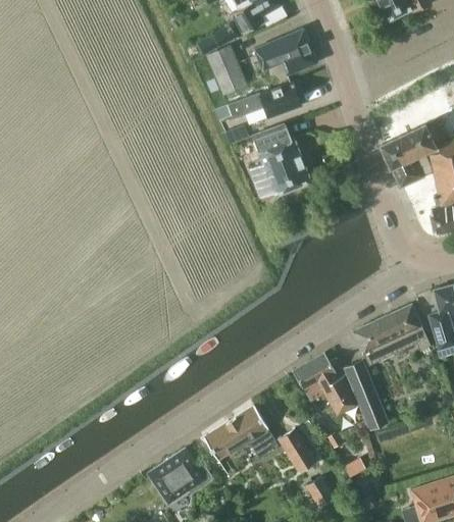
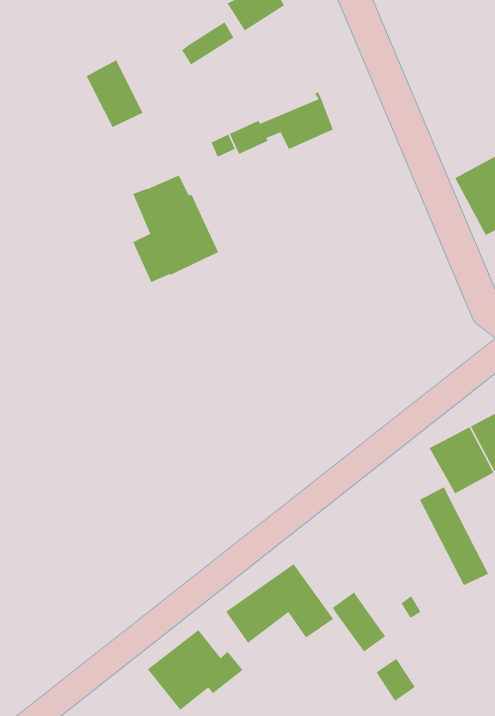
building: [254,29,317,74] -> none
building: [207,46,246,94] -> [85,59,143,128]
building: [249,123,309,198] -> [132,175,219,283]
building: [293,353,356,415] -> none

